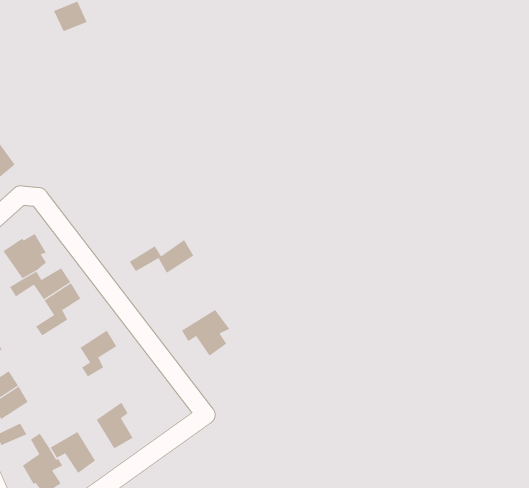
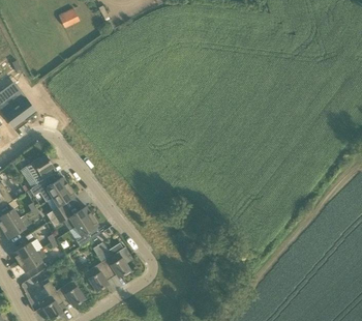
building: [129,239,194,273] -> [51,206,92,228]
building: [181,309,230,357] -> [101,249,132,279]

